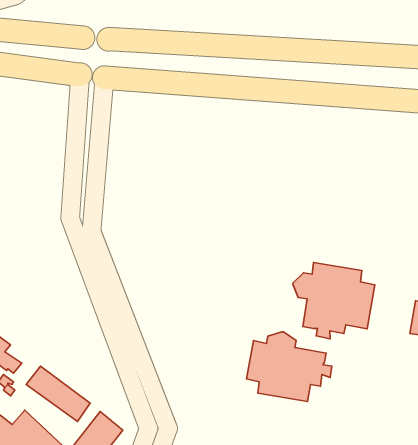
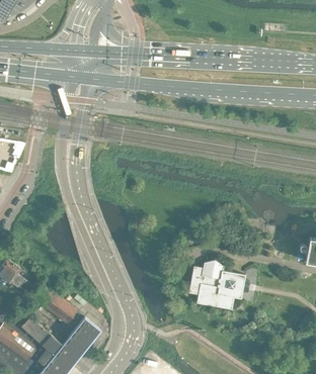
building: [293,263,375,339] -> none

